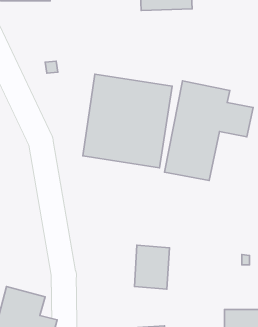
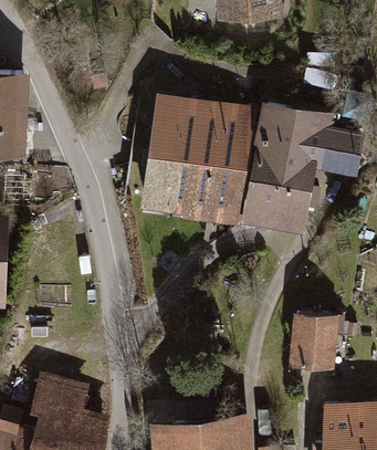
building: [134,245,170,289] -> [291,312,336,368]

